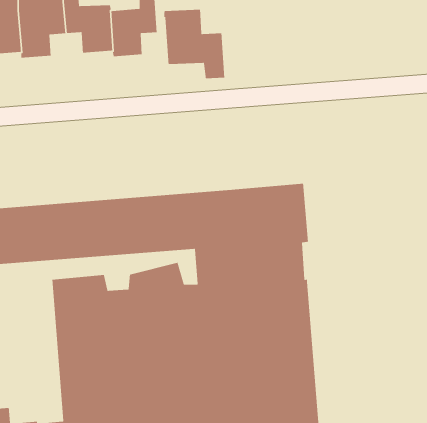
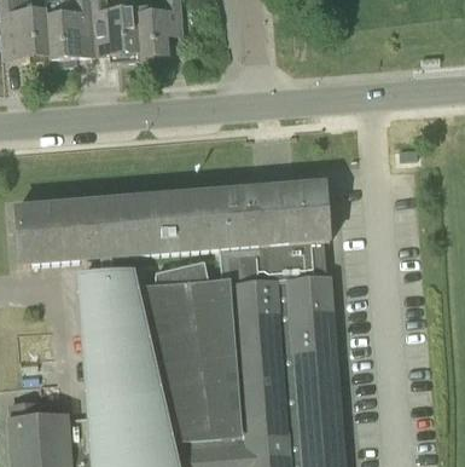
building: [163,9,225,79] -> none

